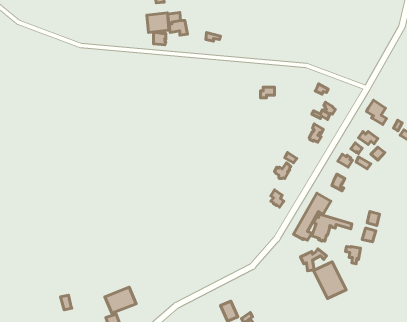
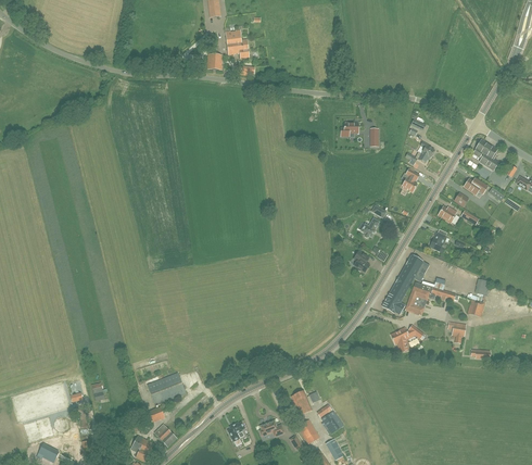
building: [147,13,169,33] -> none
building: [314,262,346,299] -> none

